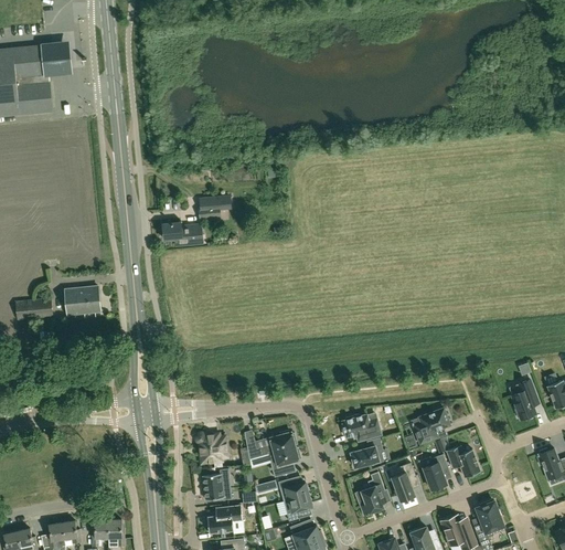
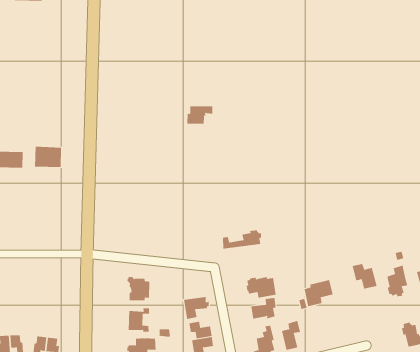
building: [198,194,230,220] -> [187,106,213,124]
building: [162,222,202,245] -> none
building: [246,430,295,458] -> [222,230,262,249]
building: [446,445,480,476] -> [352,264,377,289]
building: [423,454,447,489] -> none

